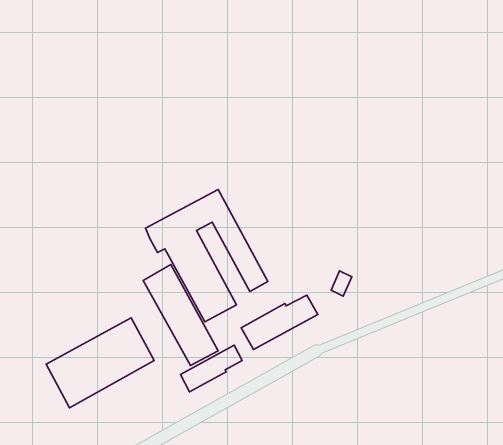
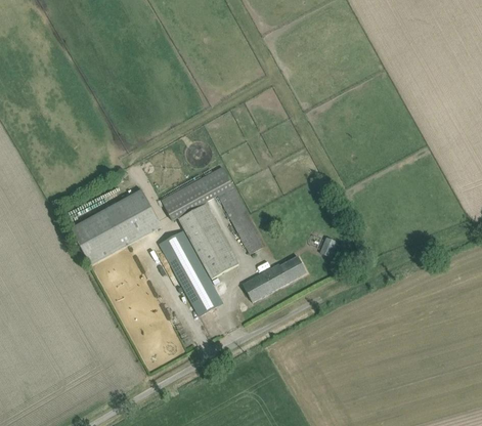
building: [46,318,154,408] -> [71,189,162,265]
building: [180,345,242,392] -> none

